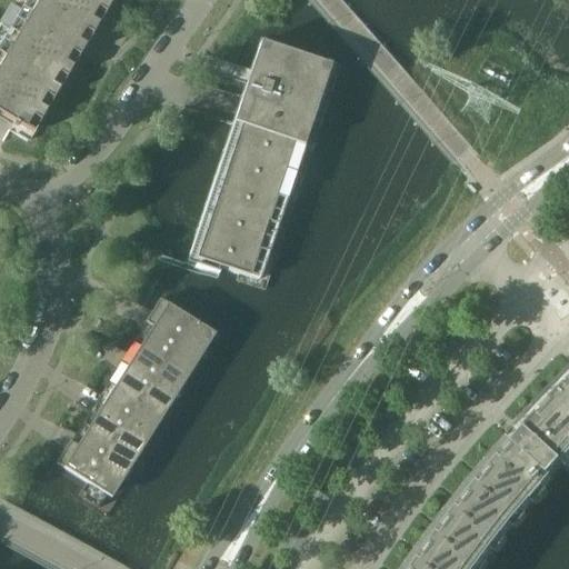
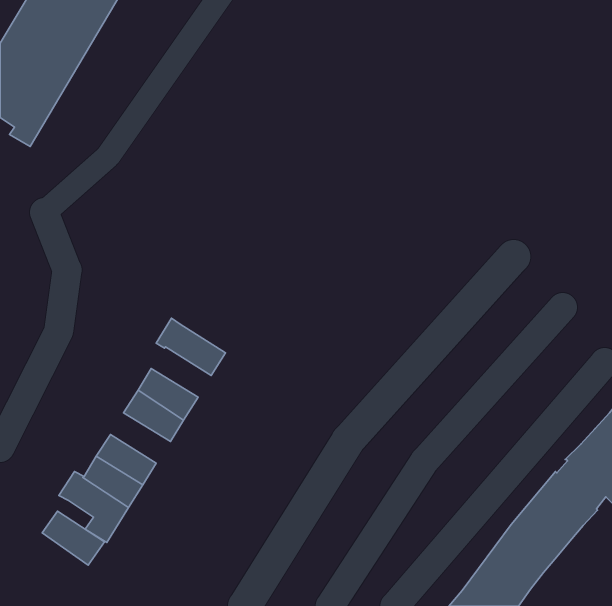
building: [197,40,330,274] -> none
building: [141,321,197,368] -> none
building: [103,382,159,429] -> none
building: none -> [42,511,104,565]

